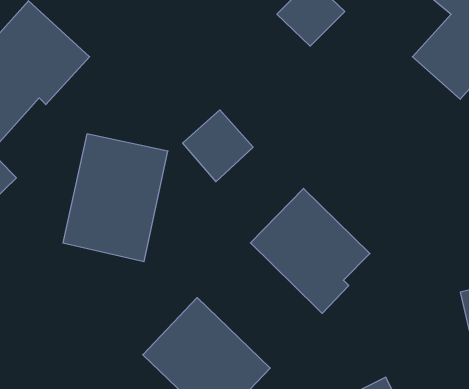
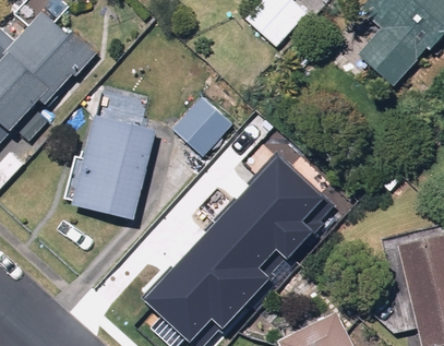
building: none -> [182,205,280,308]

